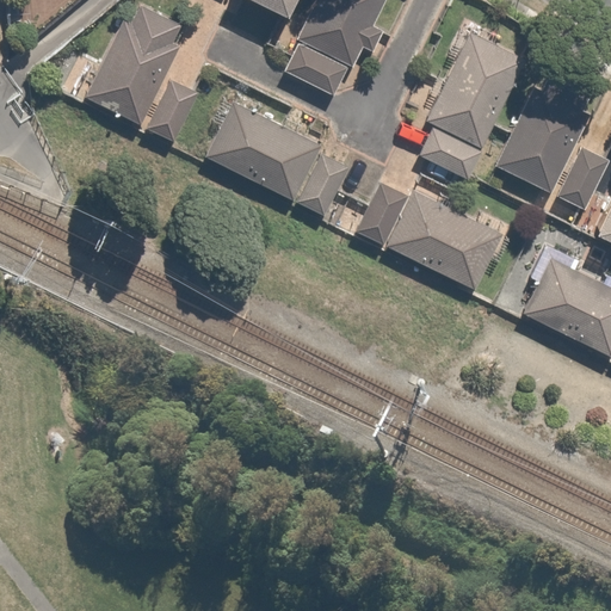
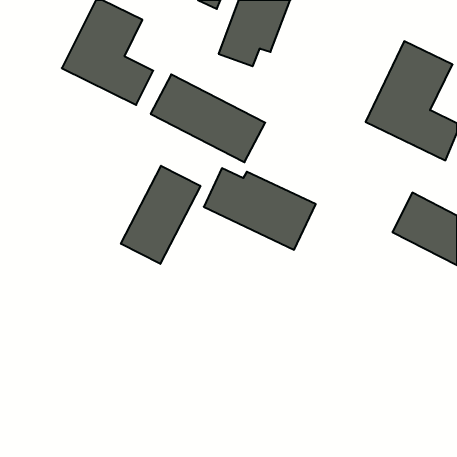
building: [409,37,521,179] -> none
building: [354,180,504,289] -> [204,168,316,250]
building: none -> [121,166,200,264]

